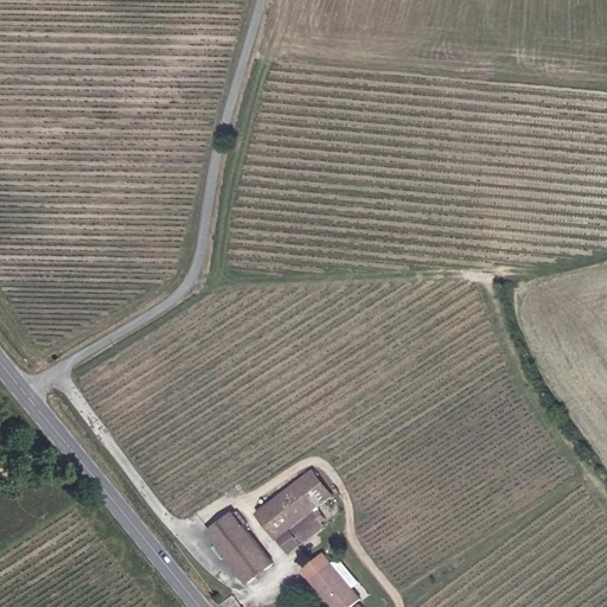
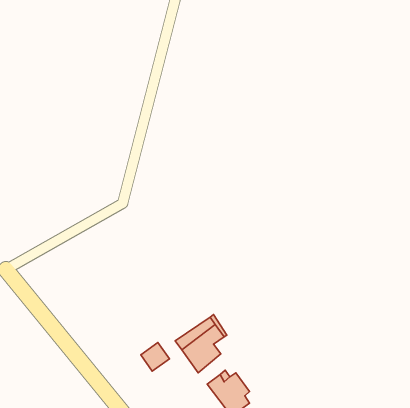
building: [221,535,269,584] -> none

